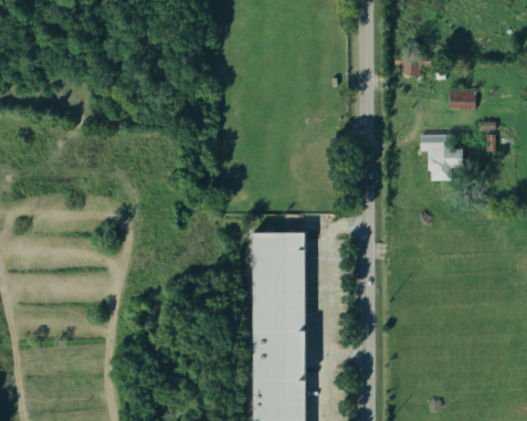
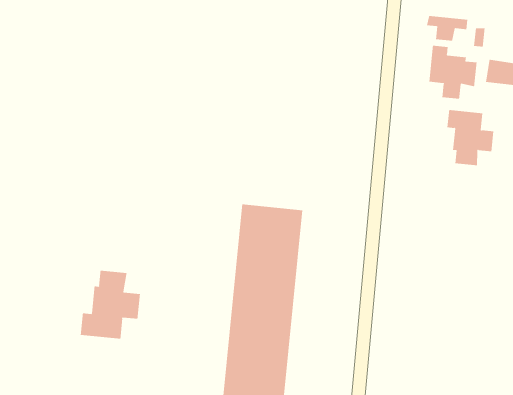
building: none -> [429,45,477,100]
building: none -> [80,270,140,339]

